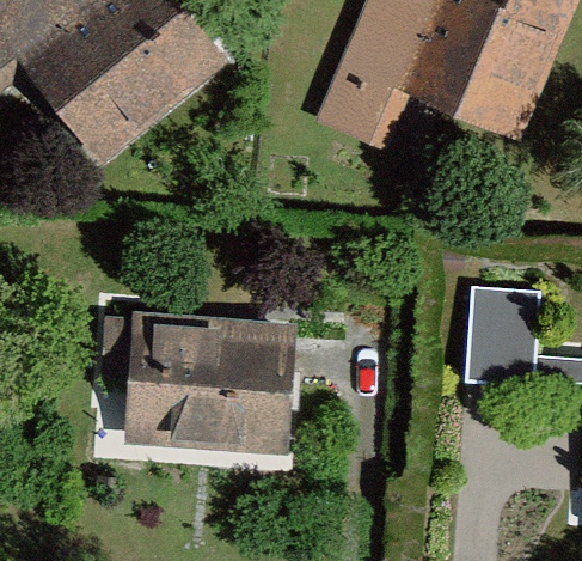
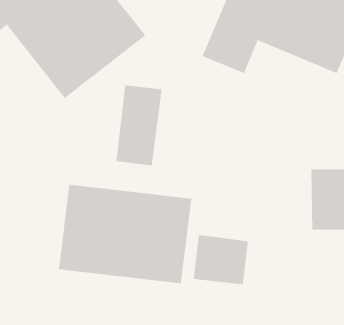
building: none -> [116,84,162,166]
building: none -> [193,234,248,285]

